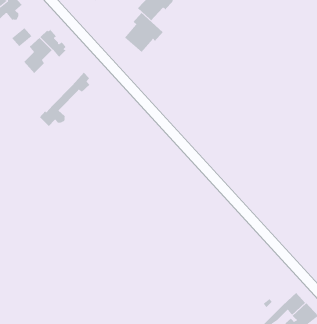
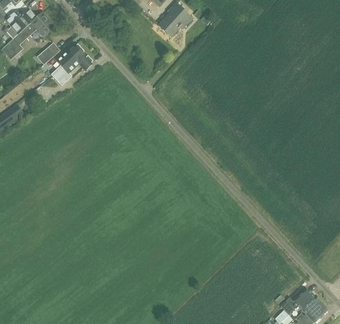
building: [124,12,163,53] -> none
building: [39,72,90,127] -> none

